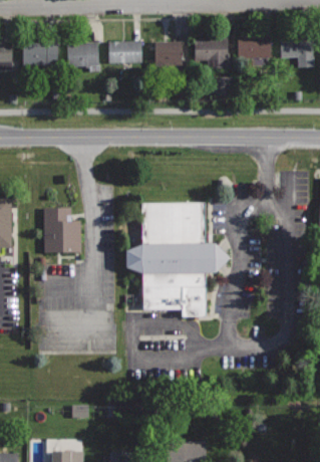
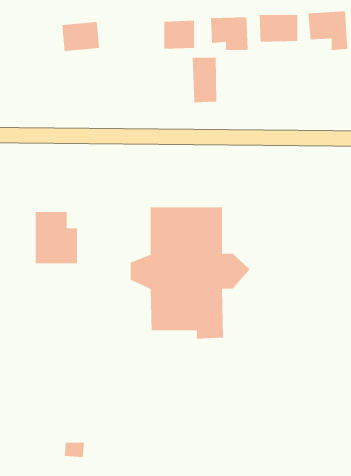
building: [108,41,141,64] -> none
building: [23,42,57,66] -> none
building: none -> [192,57,217,103]

